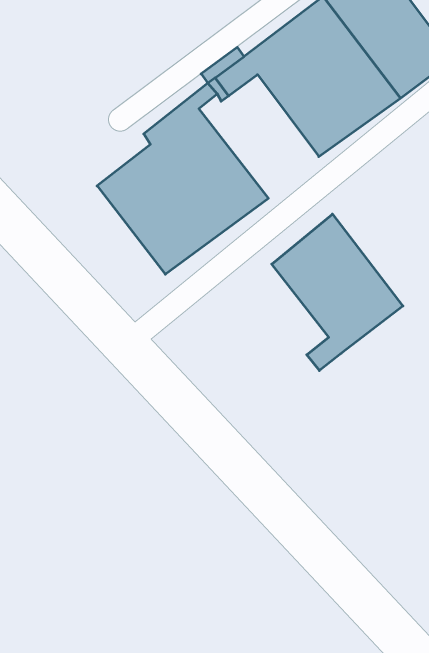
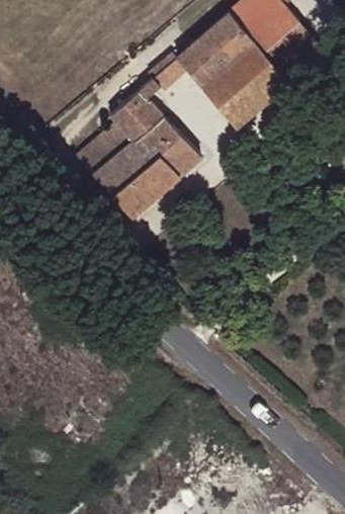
building: [272,214,403,371] -> none

